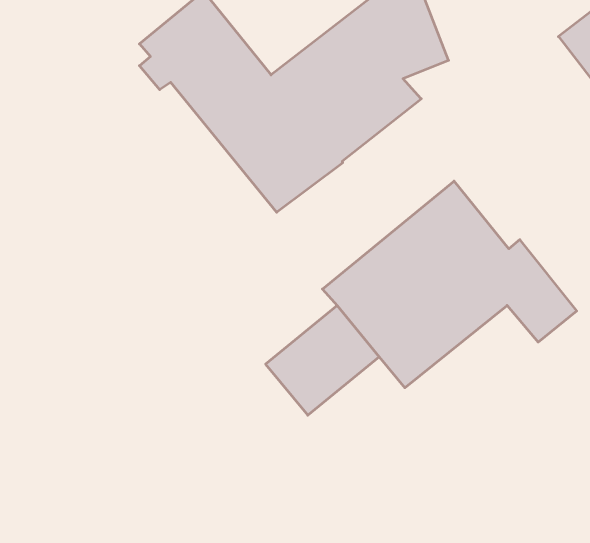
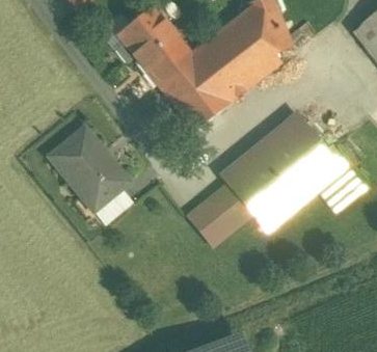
building: none -> [49,127,129,210]

